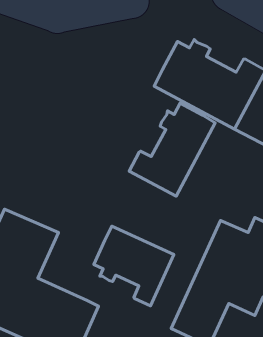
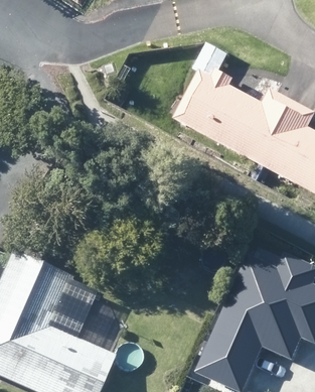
building: [129,103,215,196] -> none
building: [94,226,174,306] -> none

